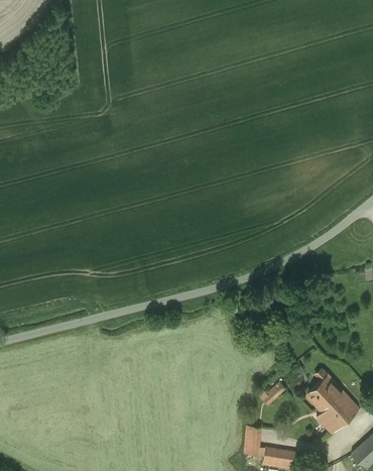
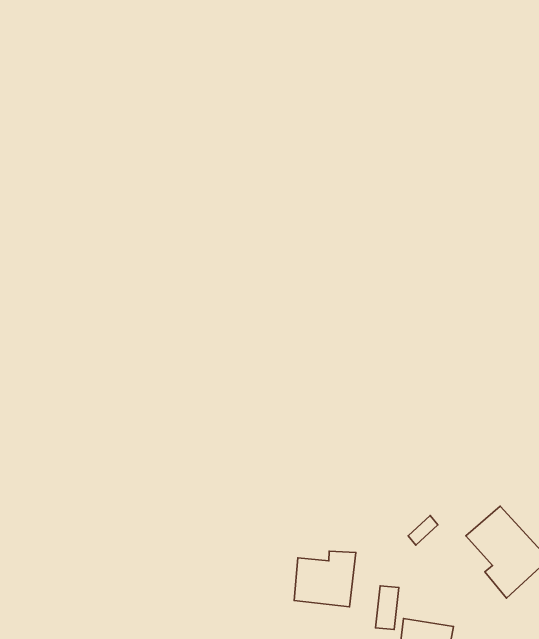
building: none -> [294,551,356,607]

